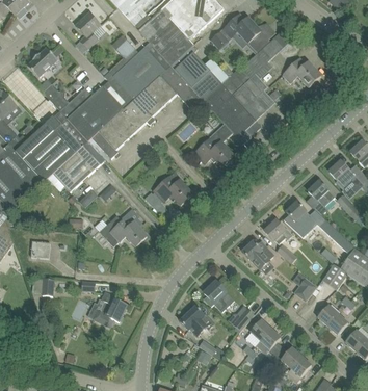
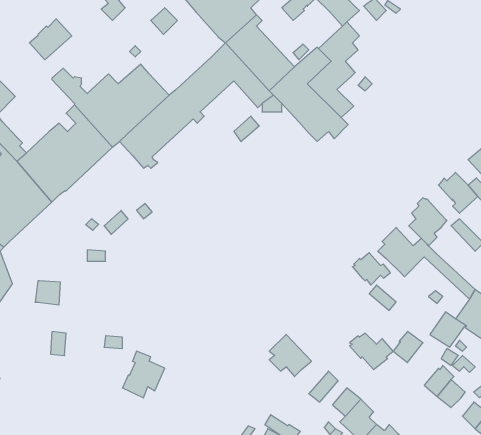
building: [112,42,170,99] -> none
building: [283,58,320,86] -> none
building: [195,123,233,166] -> none
building: [53,140,105,191] -> none
building: [143,171,191,206] -> none
building: [99,215,147,246] -> none
building: [241,241,273,268] -> [350,333,393,370]
building: [180,306,213,336] -> none

